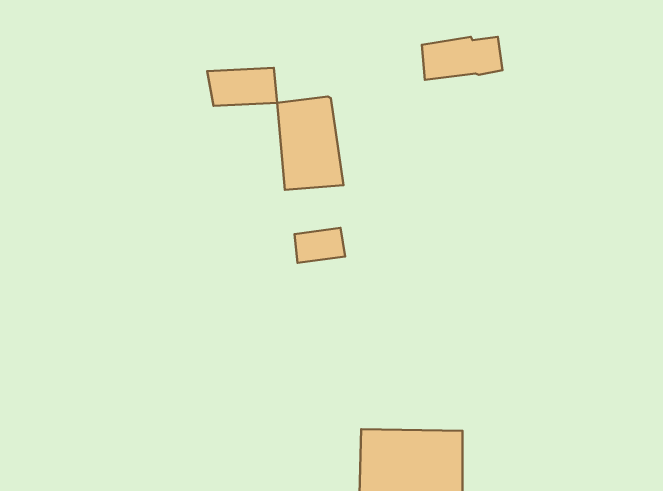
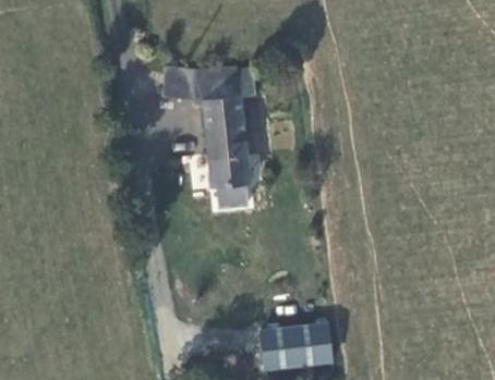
building: [422,37,503,80] -> [201,69,256,98]
building: none -> [208,155,252,188]

